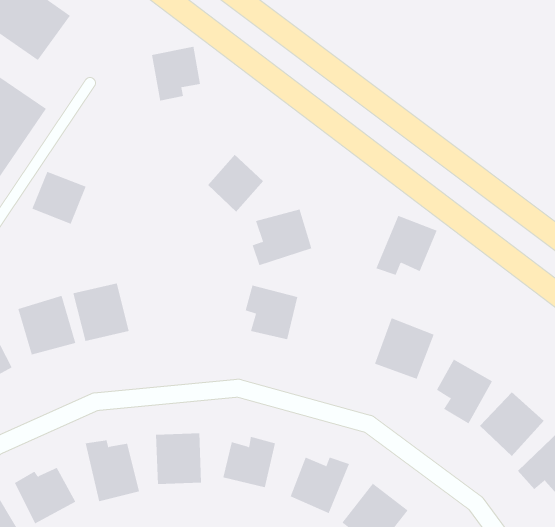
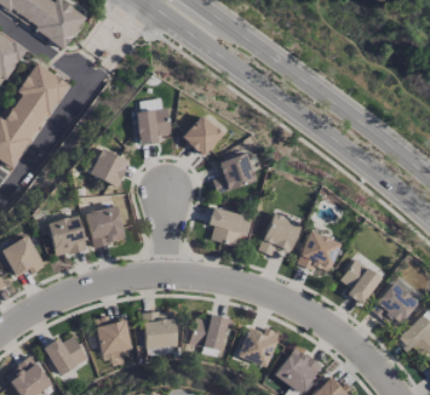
building: [151,46,201,101] -> [134,107,170,145]
building: [31,171,87,225] -> [90,149,128,187]
building: [375,215,437,275] -> [258,213,302,256]

